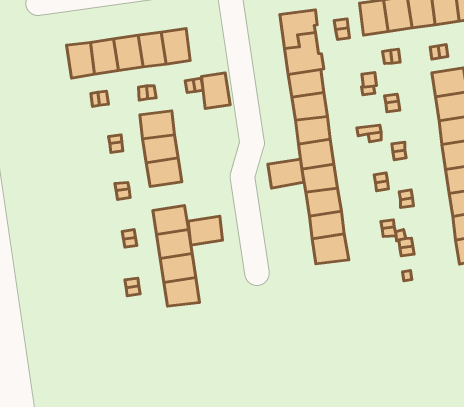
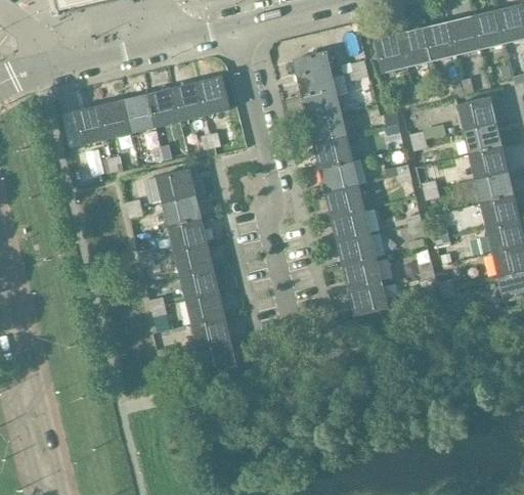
building: [201,73,230,108] -> [198,76,230,115]
building: [268,159,304,188] -> none
building: [188,216,223,245] -> [175,241,213,274]

